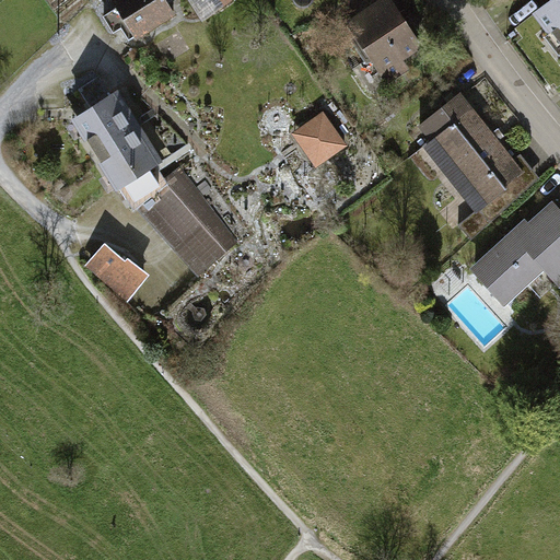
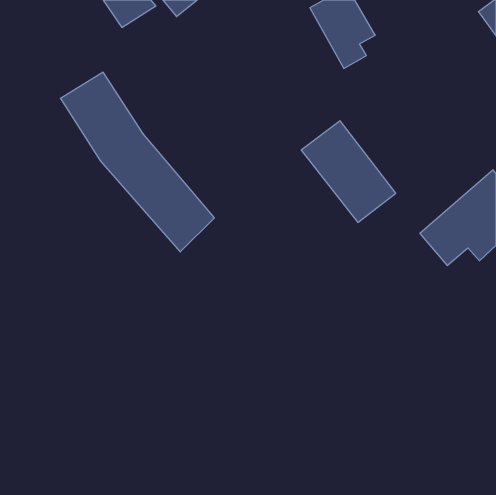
building: [420,90,526,203] -> [301,121,396,222]
building: [289,117,345,173] -> none
building: [84,241,151,300] -> none

